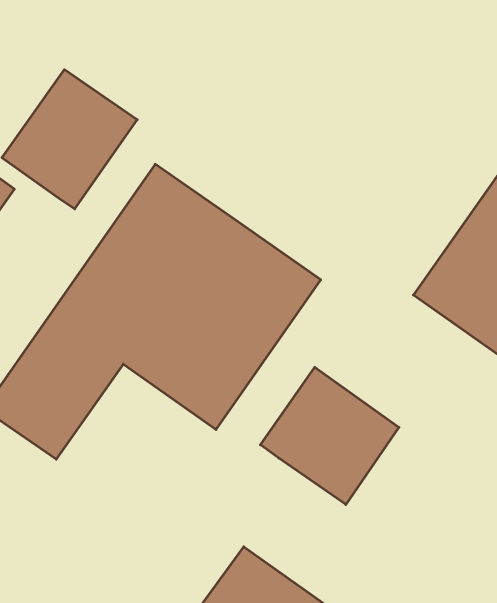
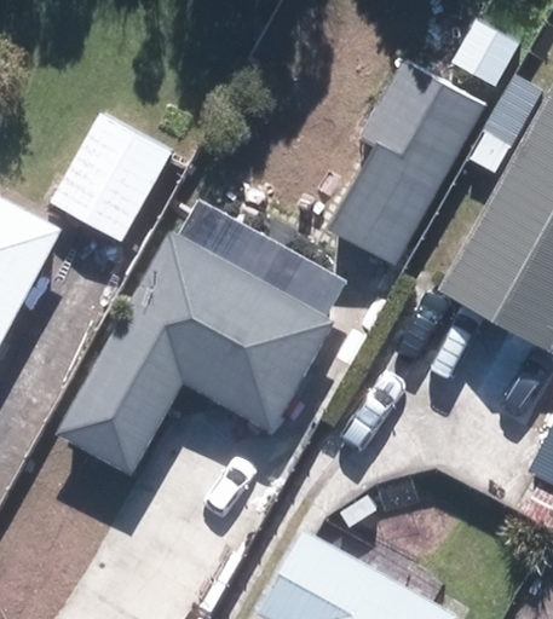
building: none -> [327,64,485,271]
building: [260,367,399,505] -> none

